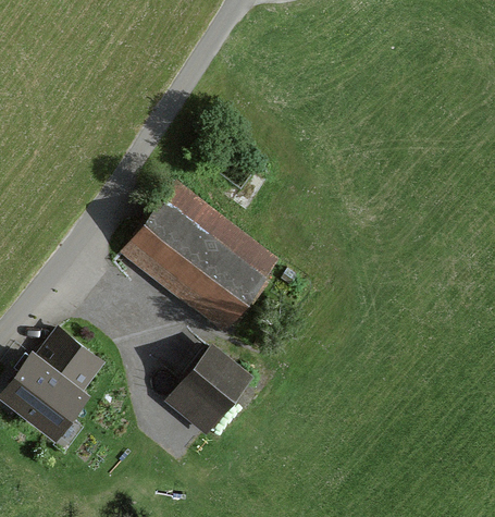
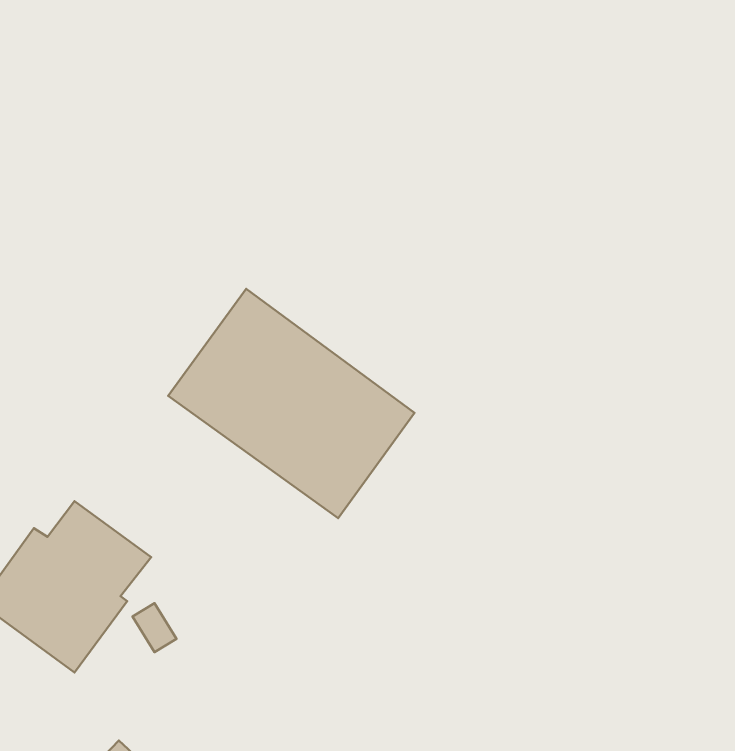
building: [166,343,255,434] -> none

